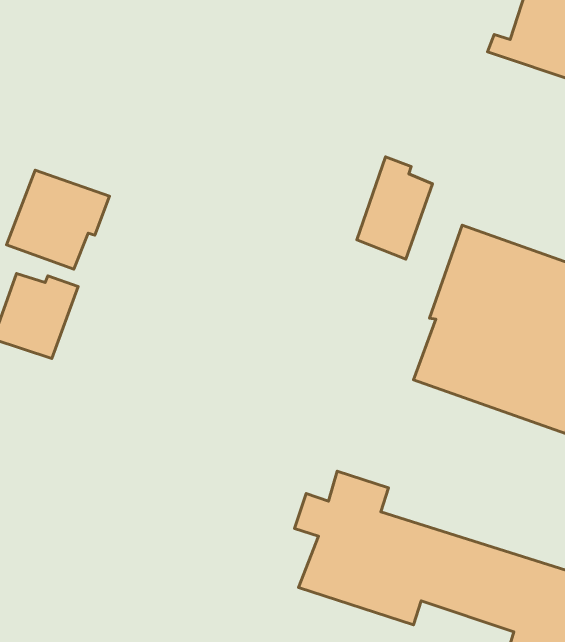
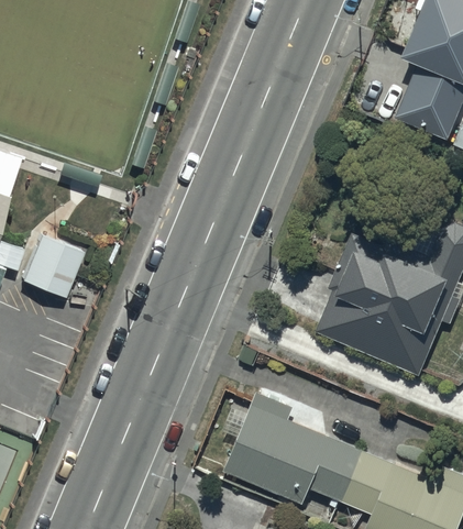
building: [357,157,432,259] -> none
building: [6,170,109,269] -> none

